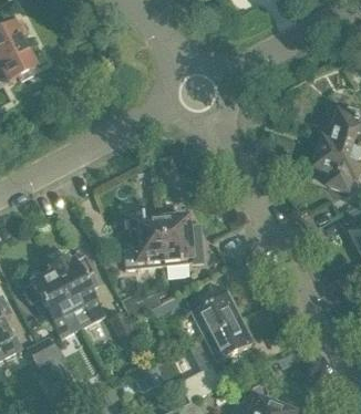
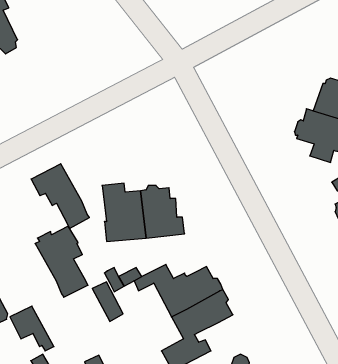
building: [22,271,81,337] -> [31,164,89,228]

